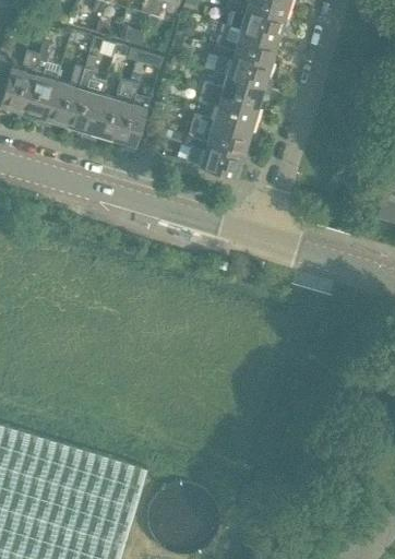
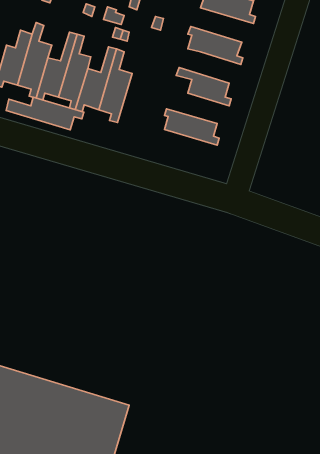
building: [215,25,285,64] -> none
building: [202,75,271,110] -> none
building: [188,121,258,155] -> none
building: none -> [6,97,84,130]

